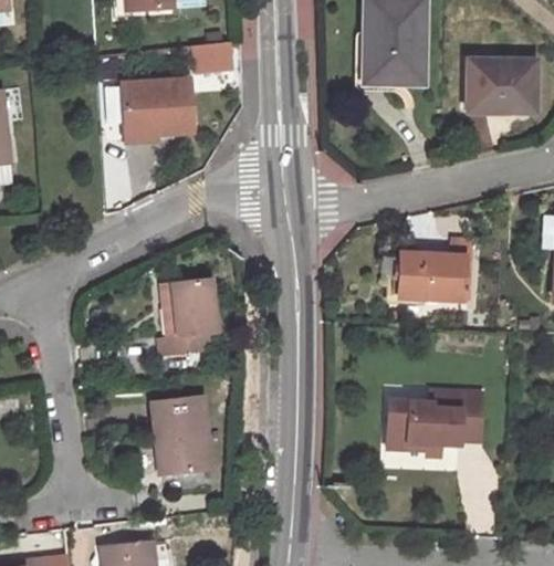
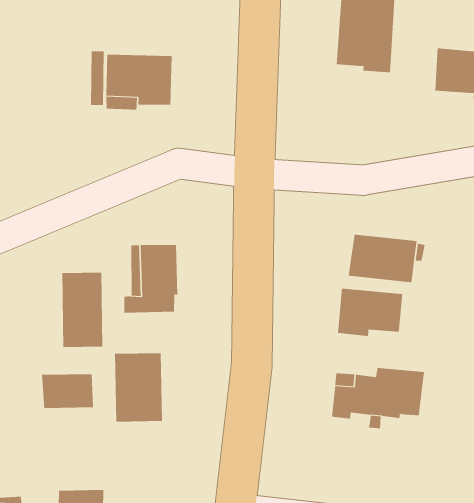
building: [195,43,234,74] -> none
building: none -> [337,288,403,337]
building: none -> [62,272,103,348]
building: none -> [42,373,93,409]

